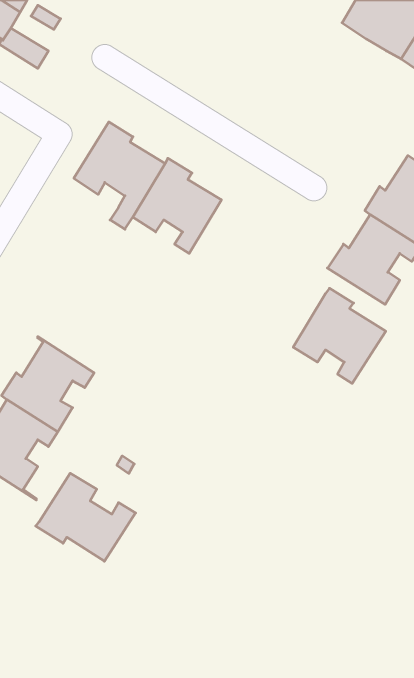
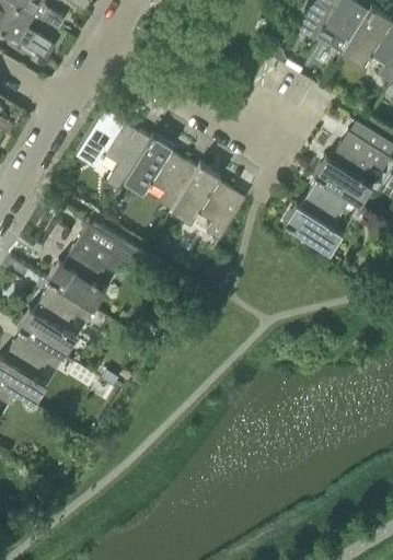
building: none -> [47,224,141,310]
building: [293,288,386,383] -> [171,164,246,242]
building: [36,473,136,561] -> none

